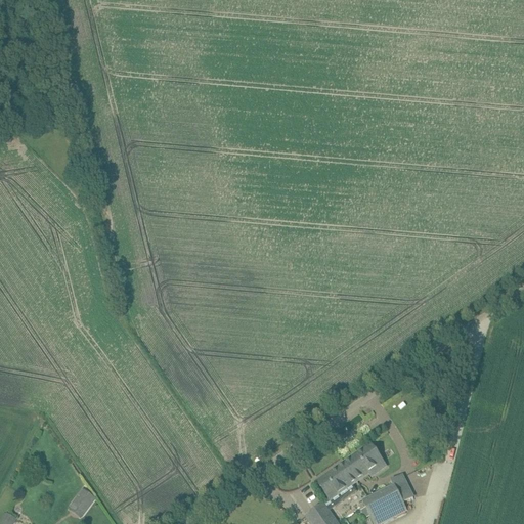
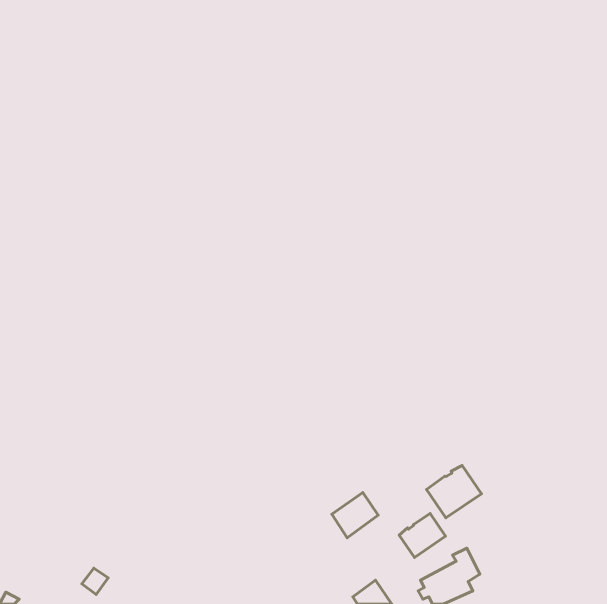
building: none -> [427,465,481,518]
building: [317,461,357,499] -> [332,493,378,538]

